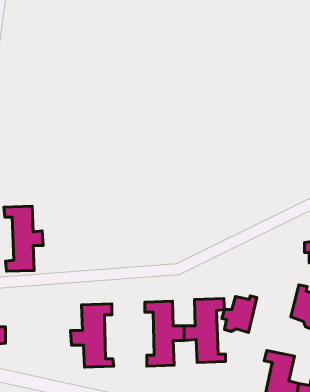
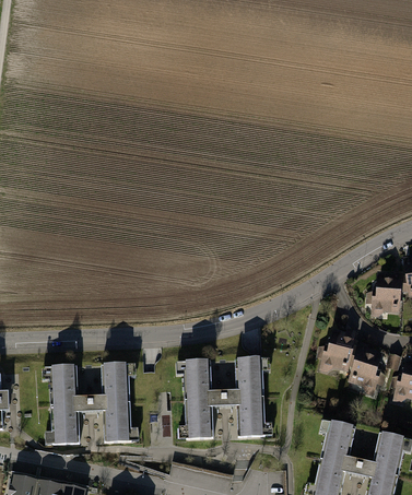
building: [4,206,43,271] -> [42,367,89,445]
building: [222,296,257,332] -> [317,329,358,373]

